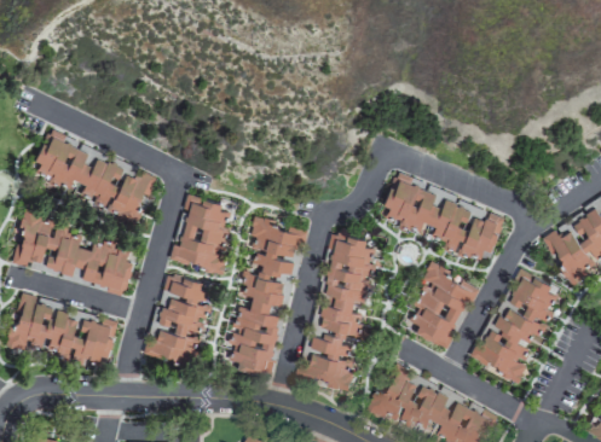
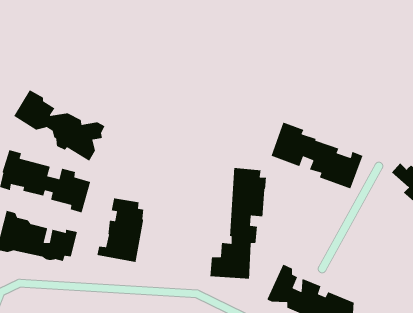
building: [168,194,229,275] -> none
building: [223,217,306,374] -> none
building: [400,262,475,349] -> none
building: [472,272,556,383] -> none

